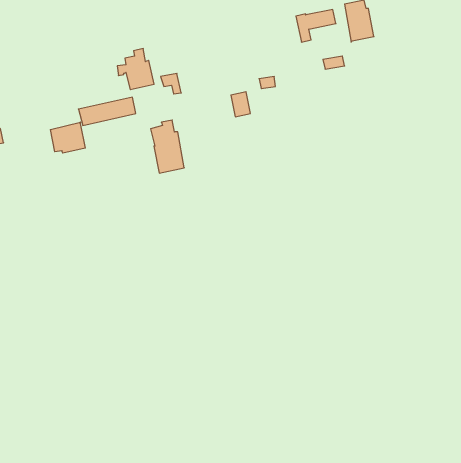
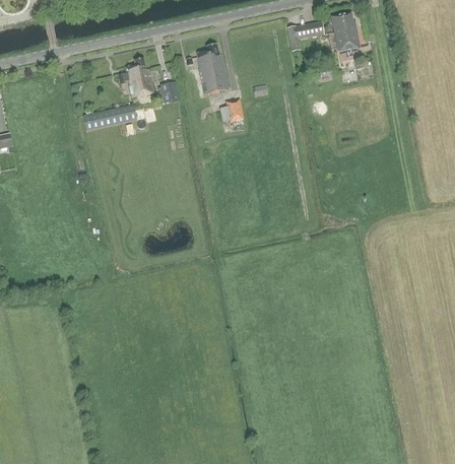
building: [151,120,184,173] -> [196,45,228,94]
building: [50,122,85,153] -> none

